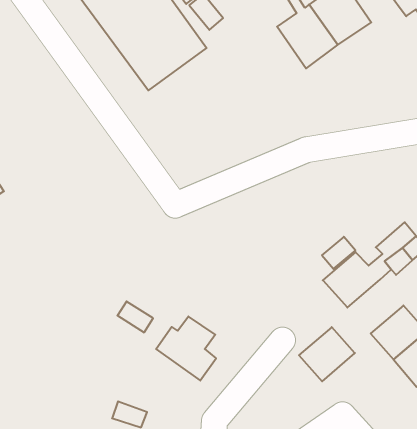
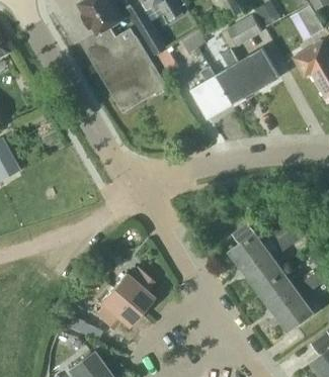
building: none -> [191,66,233,118]
building: [299,327,355,381] -> [246,254,284,290]
building: none -> [95,287,141,328]

